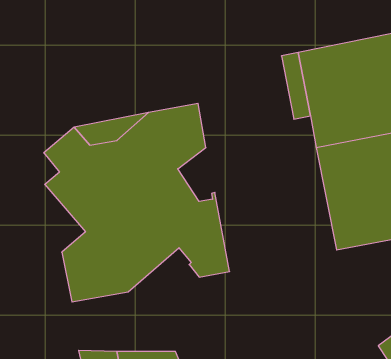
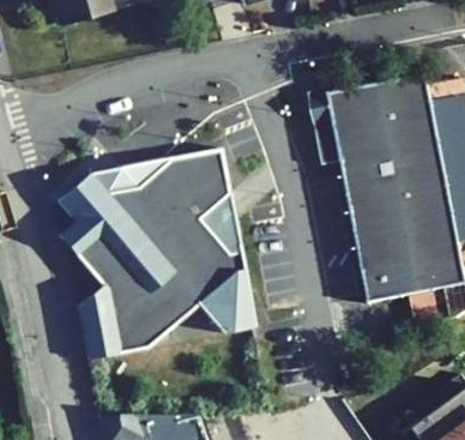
building: none -> [203,195,242,253]

